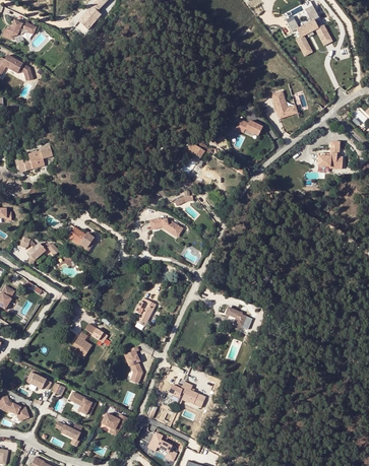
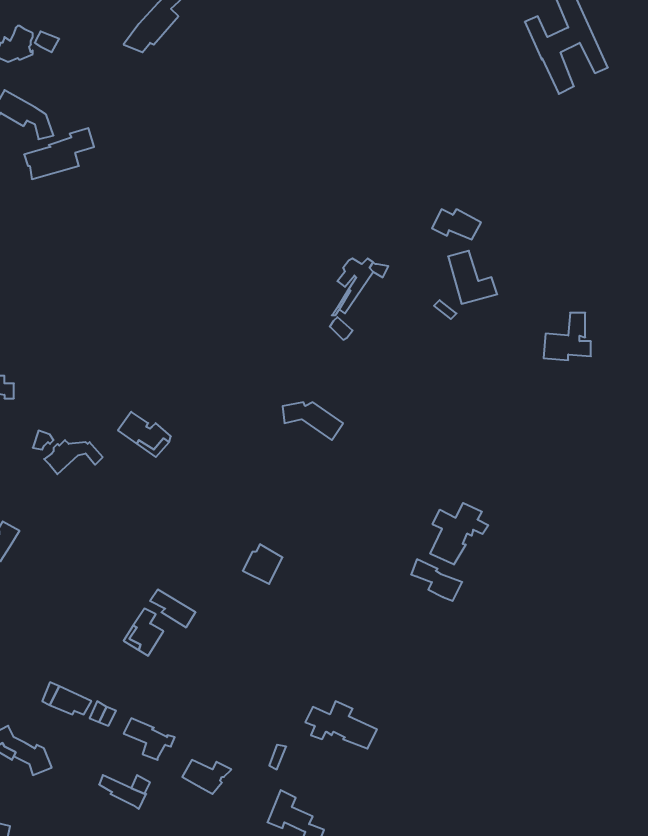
building: [271,89,298,118] -> [448,251,497,304]
building: [317,141,343,167] -> [544,313,591,360]
building: [15,145,53,173] -> [24,128,94,179]
building: none -> [430,503,488,565]
building: [123,344,144,381] -> none

